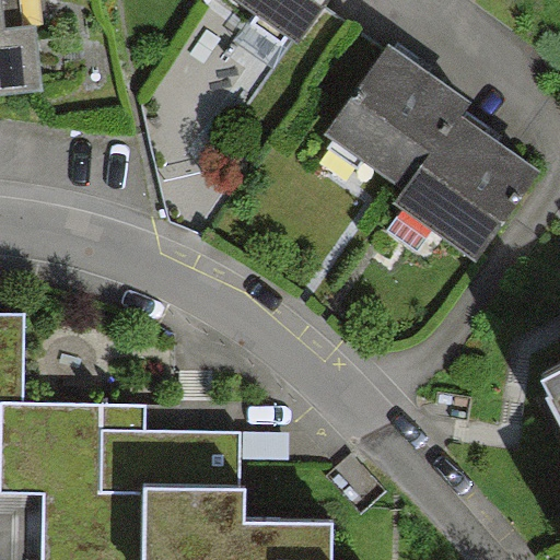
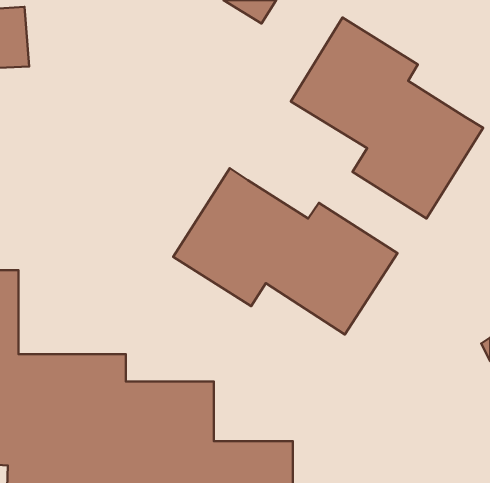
building: none -> [173,168,398,334]

